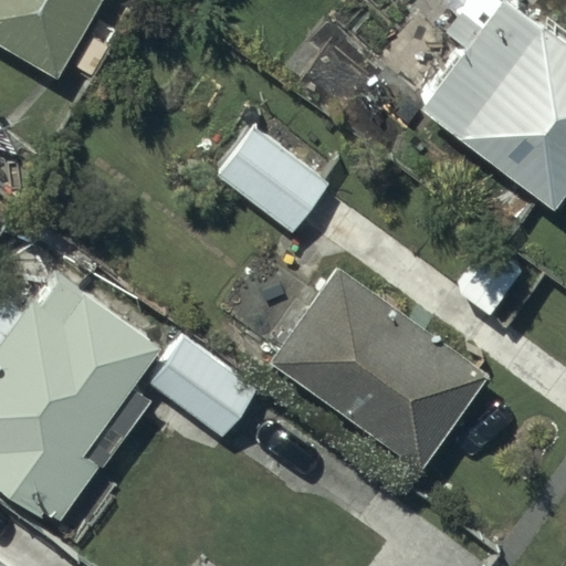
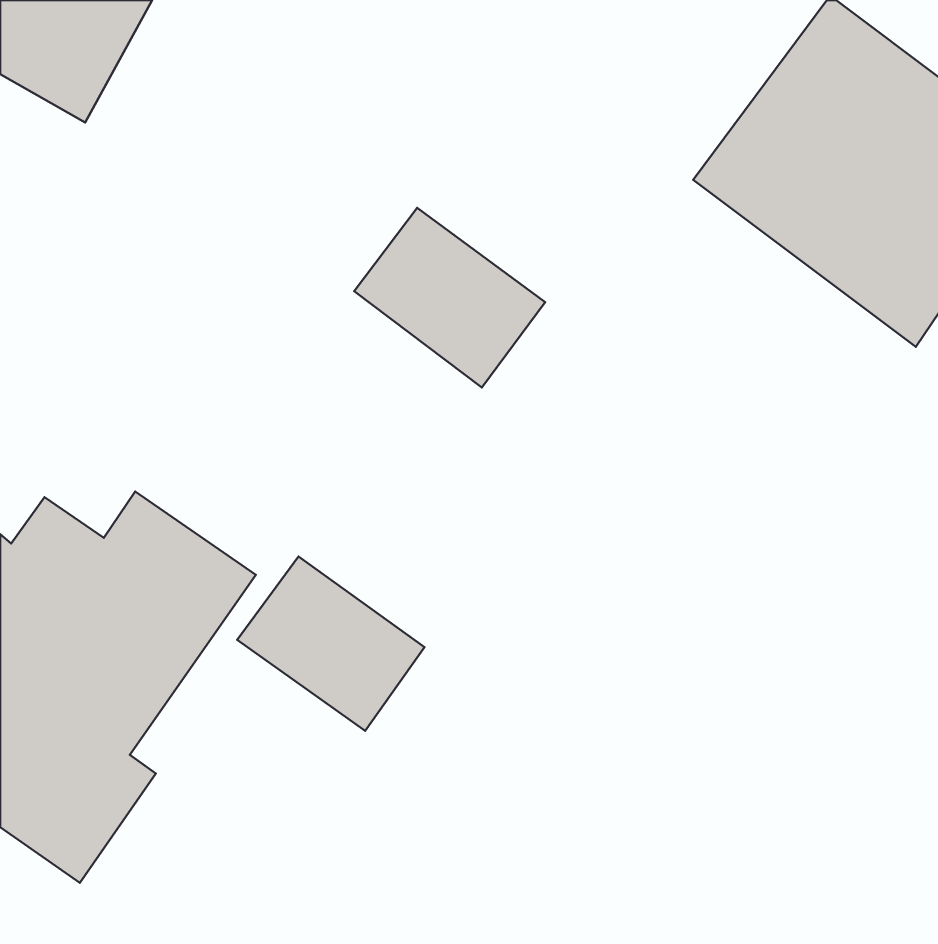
building: [271,266,489,470] -> none

